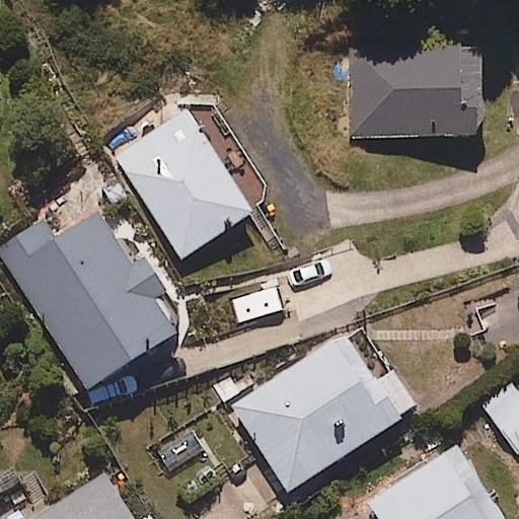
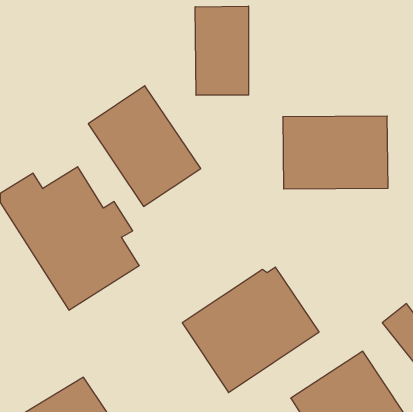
building: none -> [195,6,249,95]
building: [351,47,483,138] -> [283,116,388,189]

